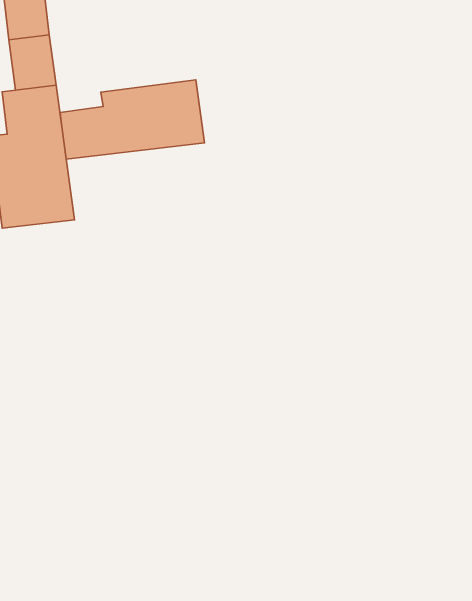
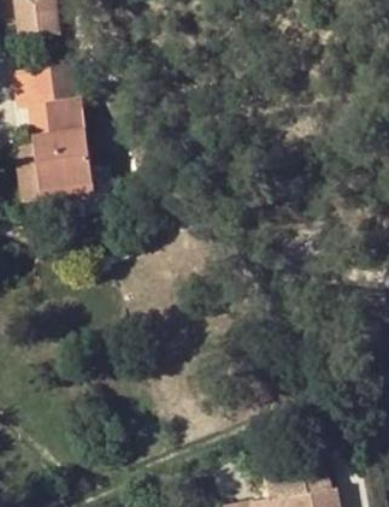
building: [60,80,205,159] -> none

